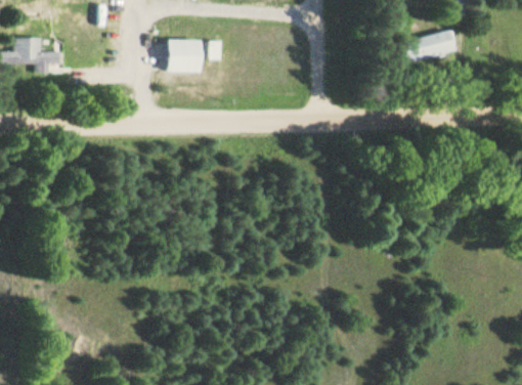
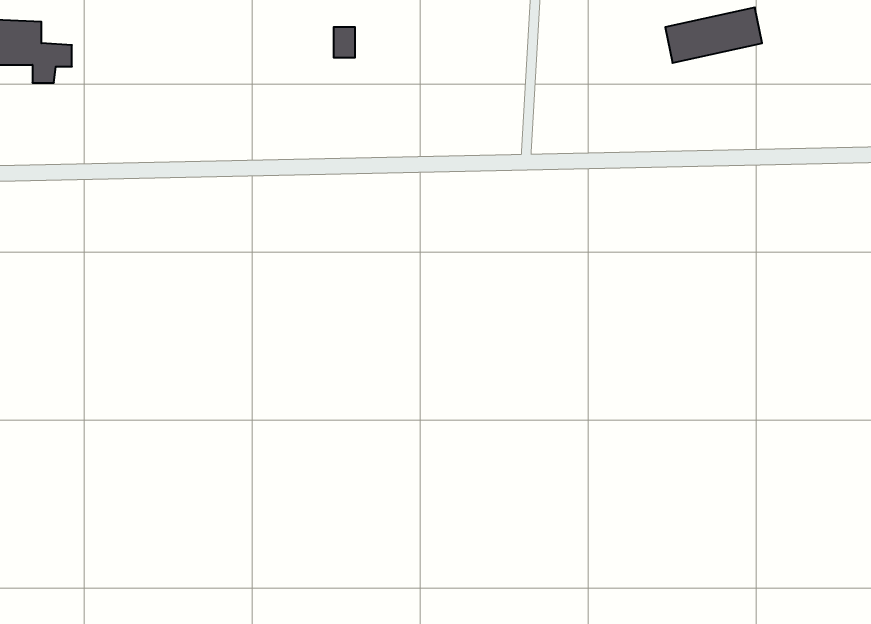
building: [168,40,201,73] -> none

